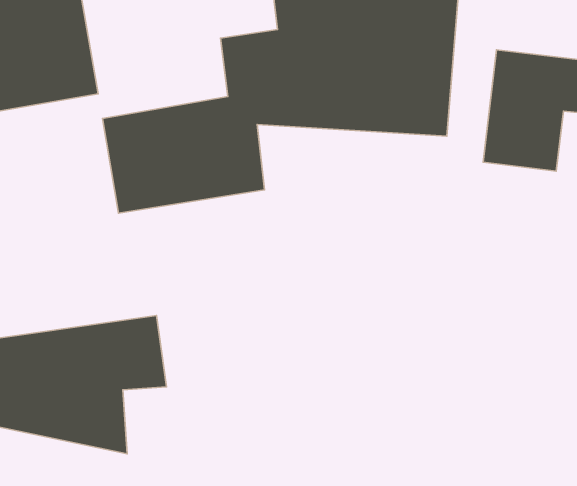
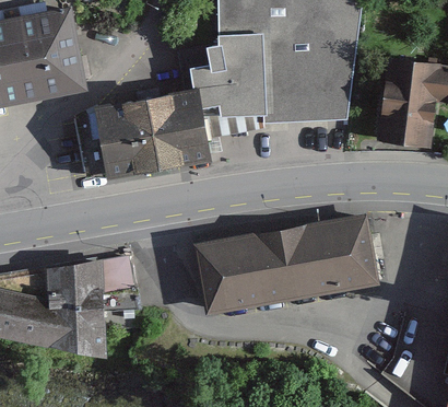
building: none -> [193,211,380,310]

